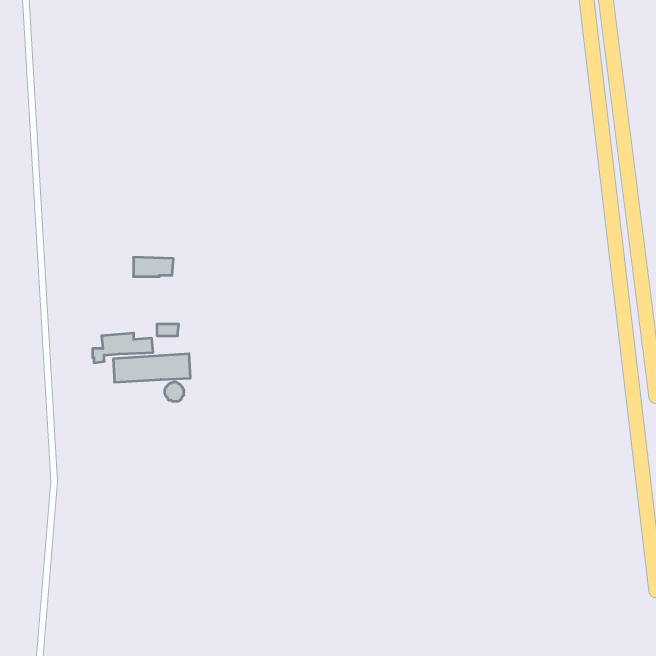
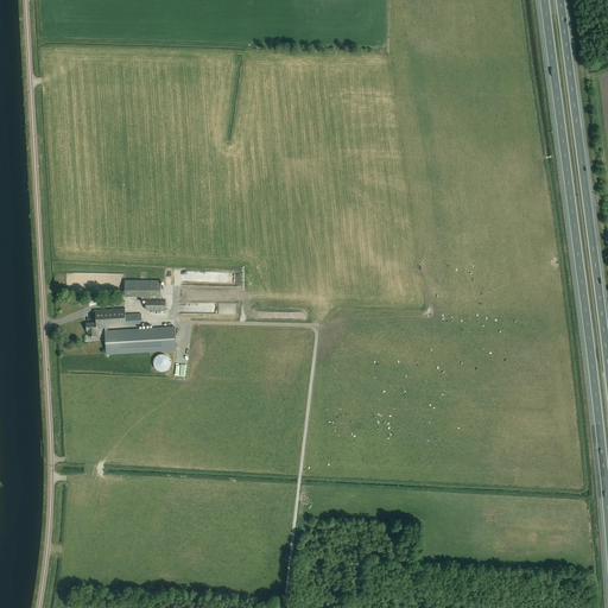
building: [133,257,173,277] -> [124,278,160,296]

